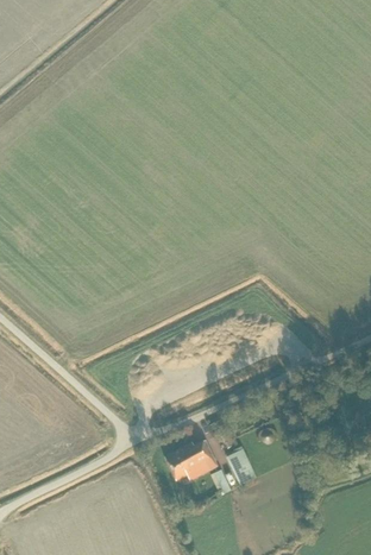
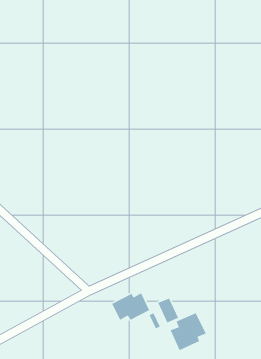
building: none -> [169,312,207,351]

